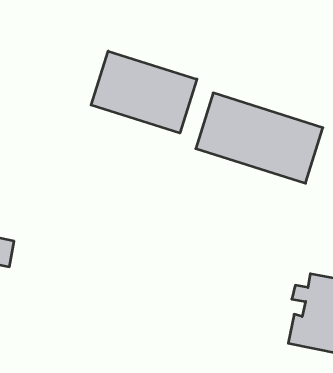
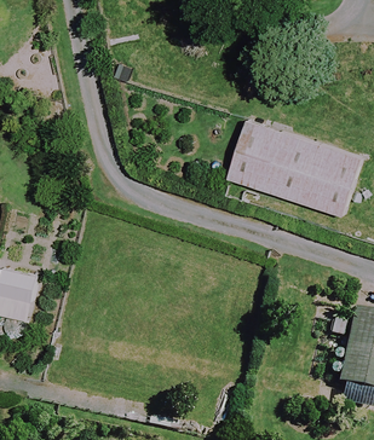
building: [91,51,197,133] -> none

